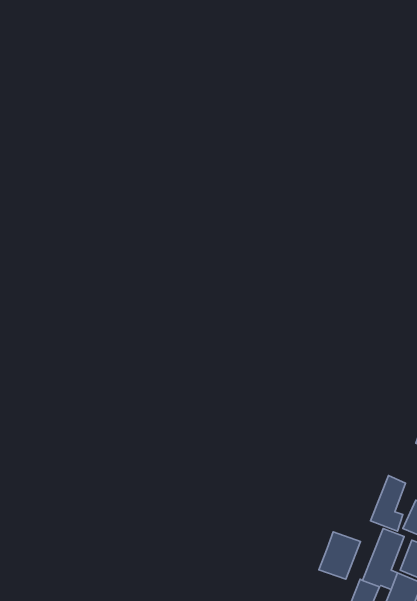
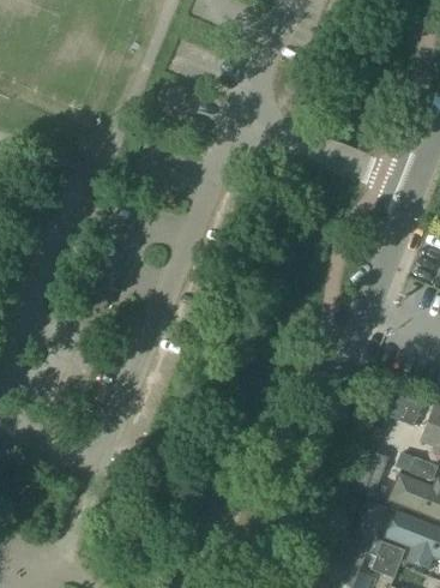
building: [319,532,360,579] -> none

